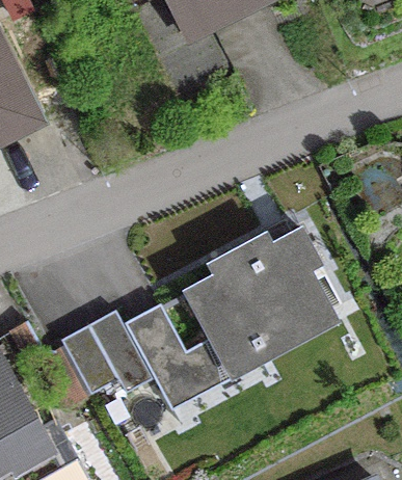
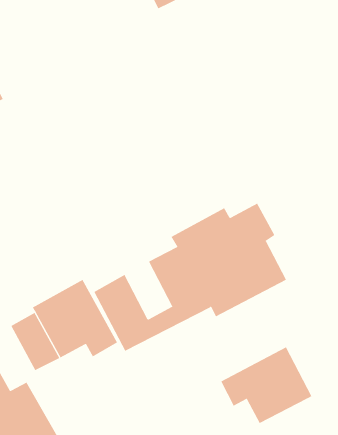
building: none -> [221,347,312,424]

